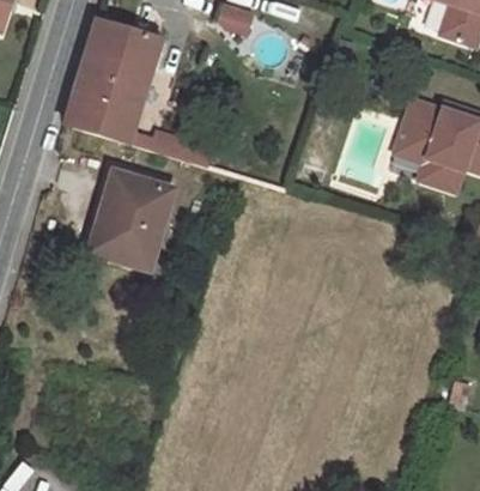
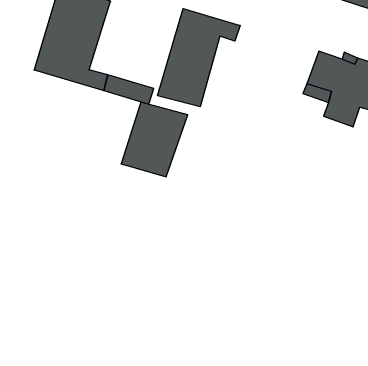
building: none -> [158,9,240,107]
building: [91,175,172,266] -> [121,102,188,177]

